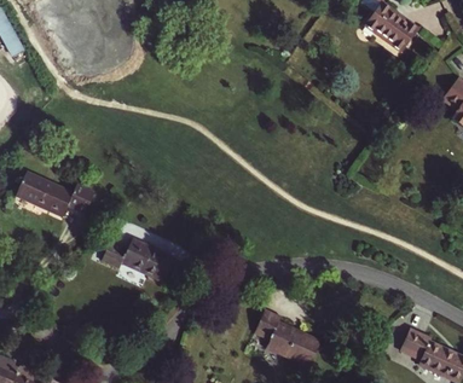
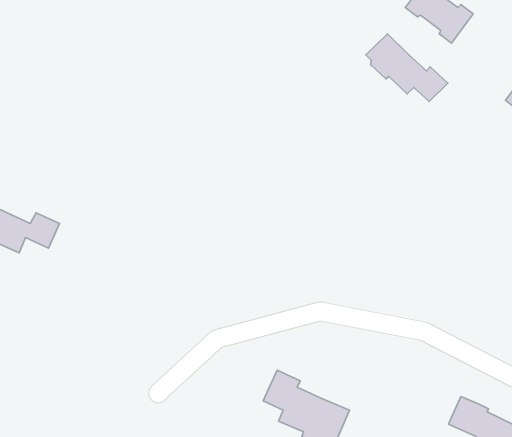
building: none -> [366,34,448,102]
building: [100,237,174,282] -> none

